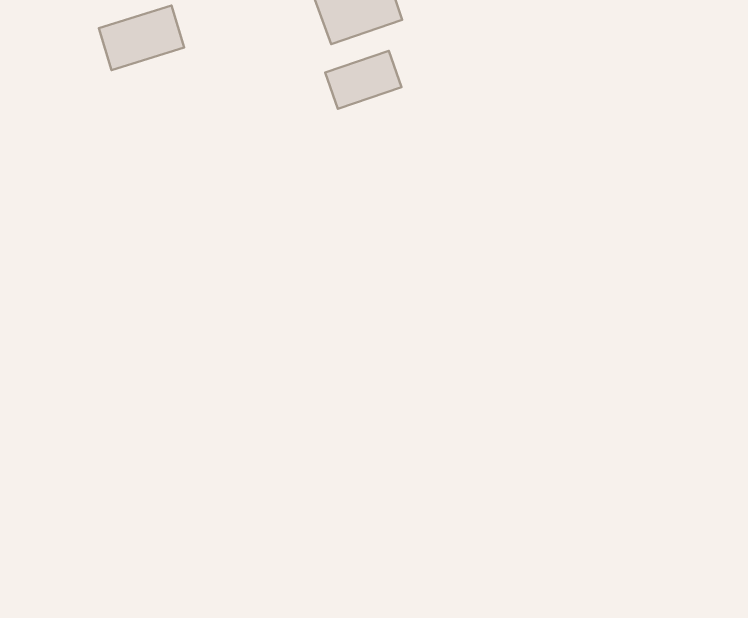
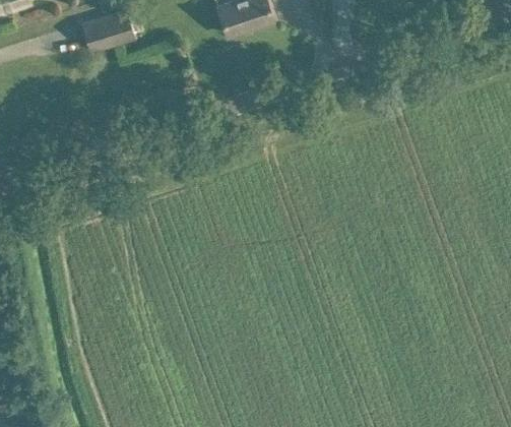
building: [325,51,401,109] -> none

